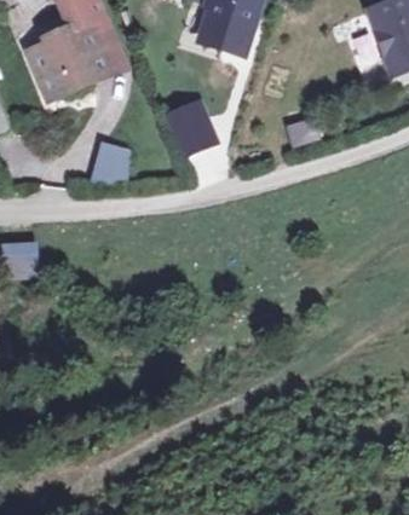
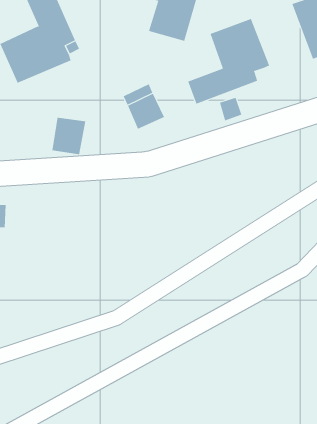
building: none -> [188,18,270,104]

